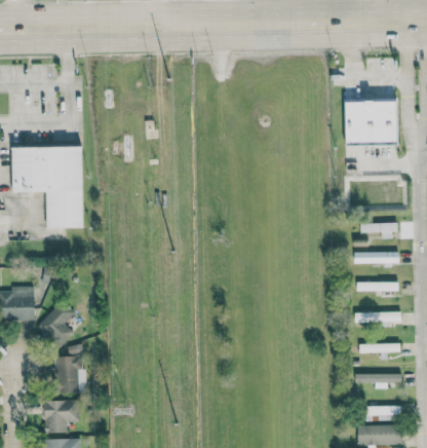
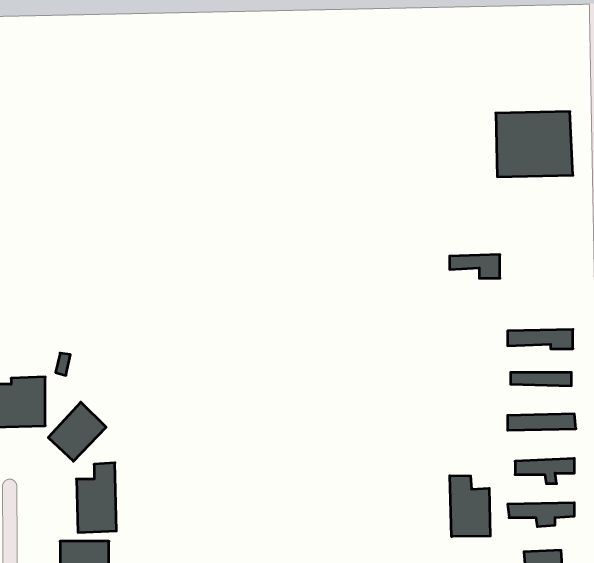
building: [11,148,83,229] -> none
building: [360,223,395,239] -> [450,255,500,278]
building: none -> [450,476,490,537]

